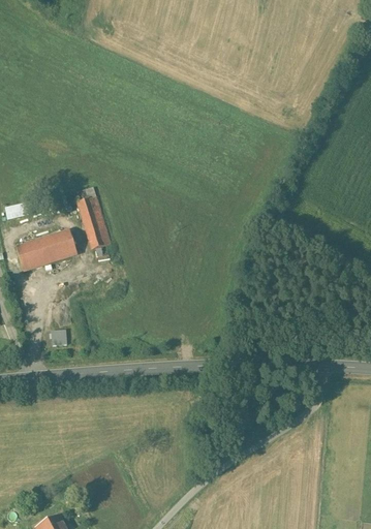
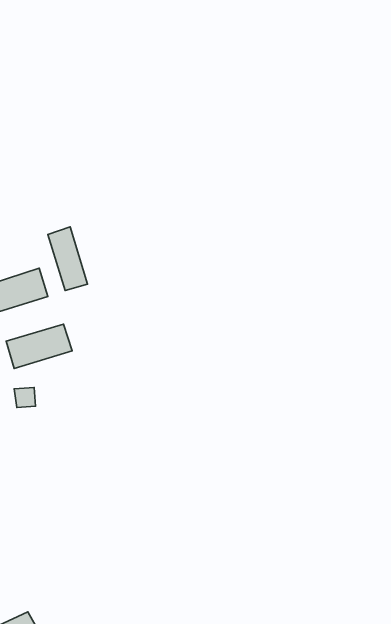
building: none -> [6,324,72,369]

